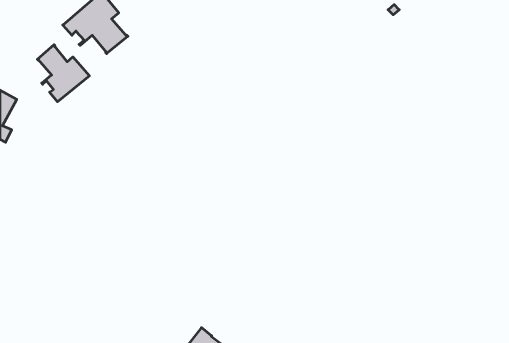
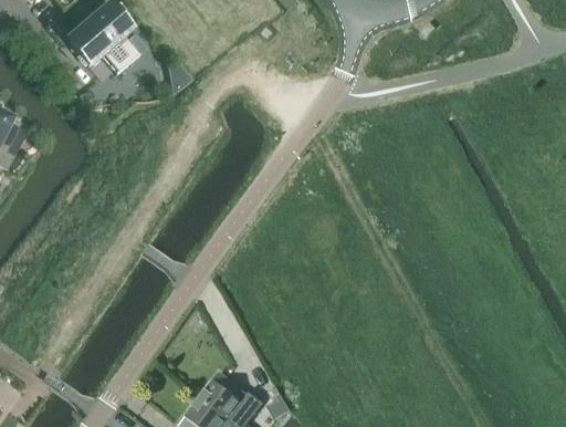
building: [37,45,89,102] -> none

